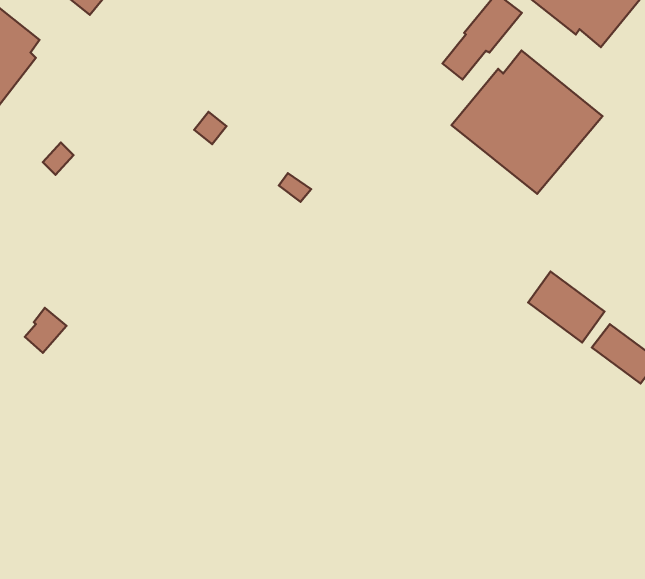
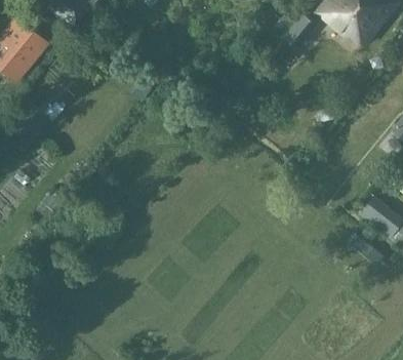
building: [452,50,603,194] -> none
building: [528,271,605,342] -> none

